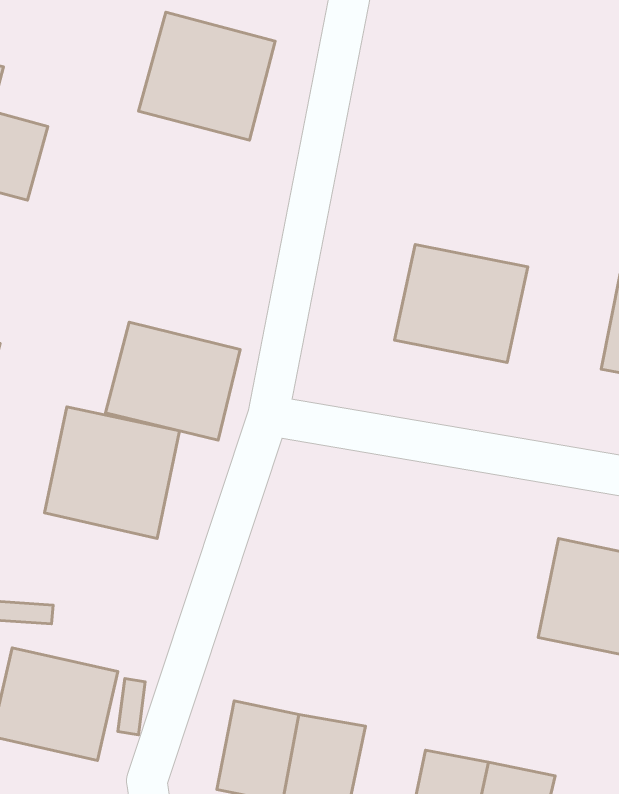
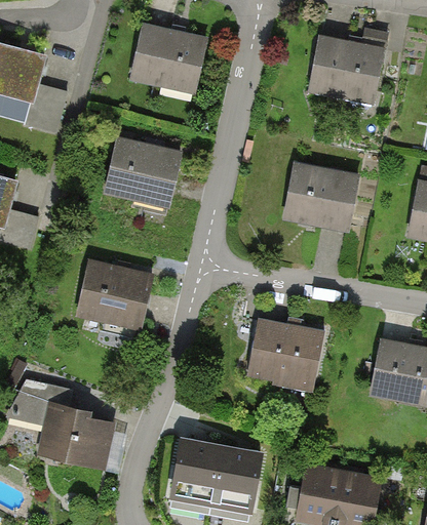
building: none -> [307,32,387,108]
building: [105,322,240,440] -> [101,136,182,207]
building: none -> [243,315,323,393]

